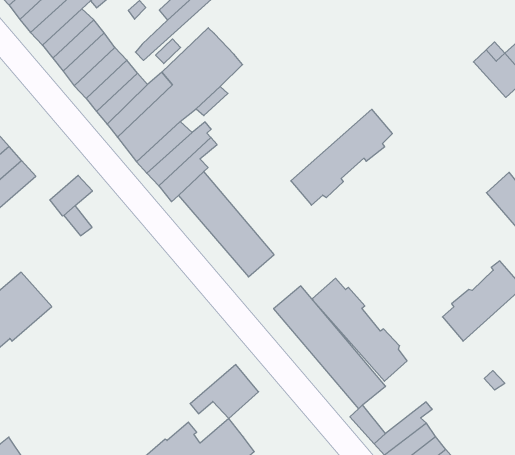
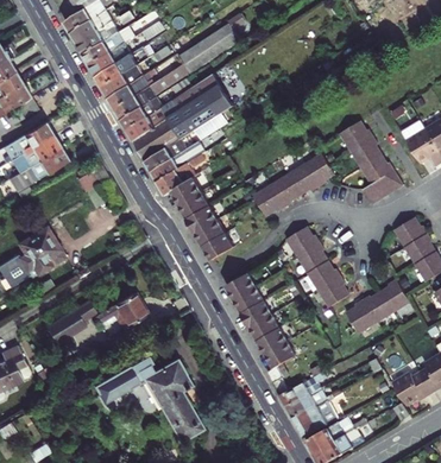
building: none -> [339,120,403,204]
building: [313,278,407,381] -> [286,226,347,306]
building: [190,365,259,418] -> [96,291,147,329]
building: none -> [48,309,86,341]

